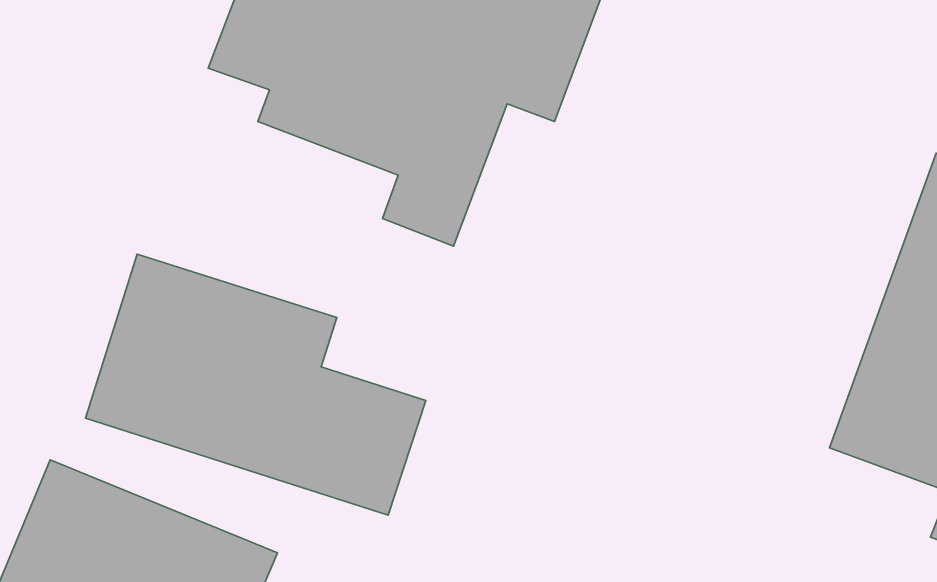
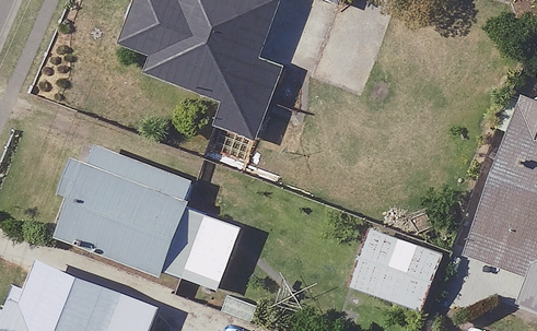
building: none -> [348,227,440,309]

